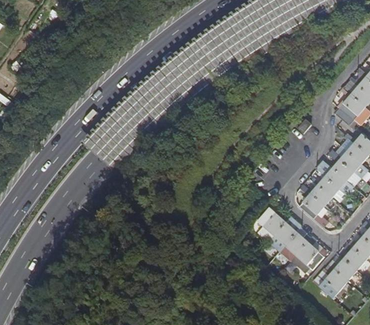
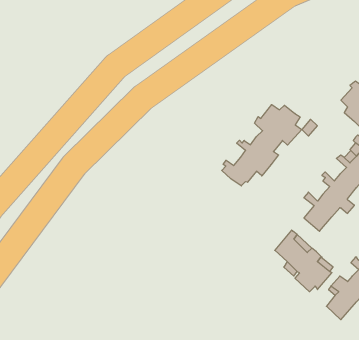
building: none -> [222,105,302,186]
building: [256,208,288,243] -> none

